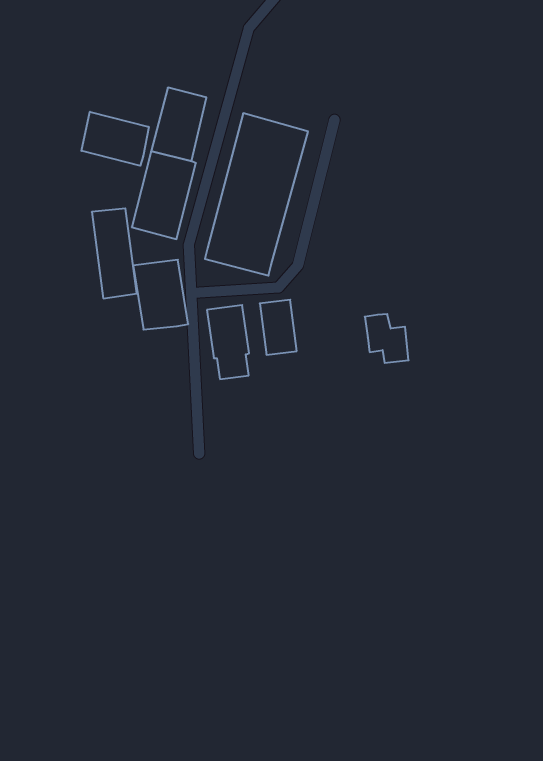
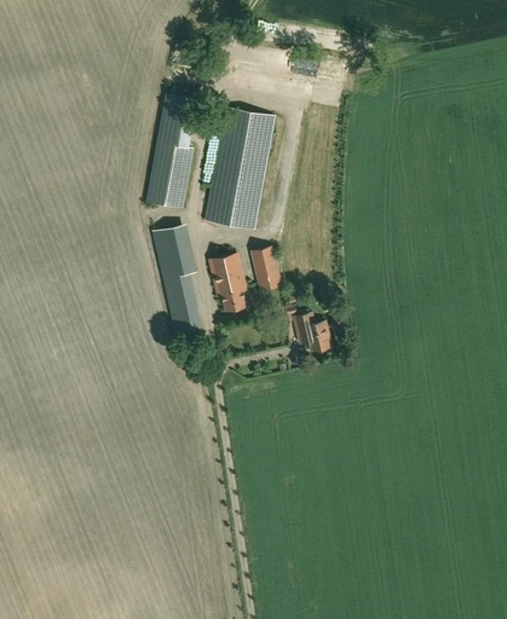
building: [81,112,149,166] -> none
building: [92,208,137,298] -> [163,274,203,345]
building: [365,314,409,363] -> [294,313,330,351]

